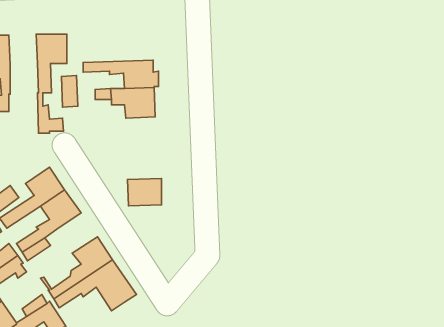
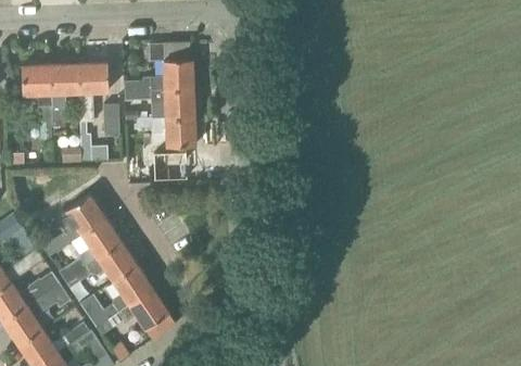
building: none -> [50,59,78,123]
building: none -> [123,60,193,91]
building: [128,179,161,206] -> [158,152,192,179]
building: none -> [98,241,138,281]

